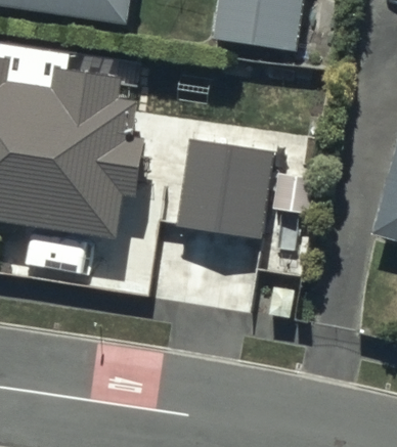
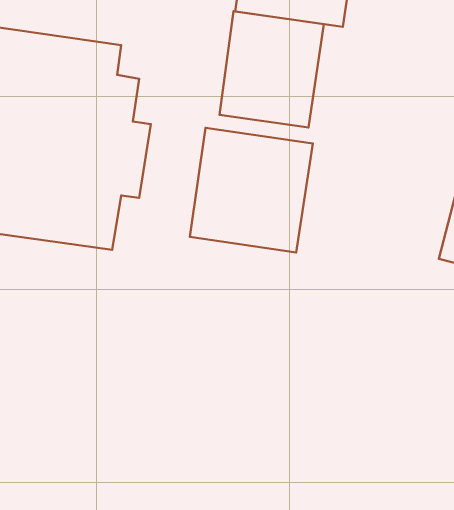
building: none -> [219,11,324,127]

